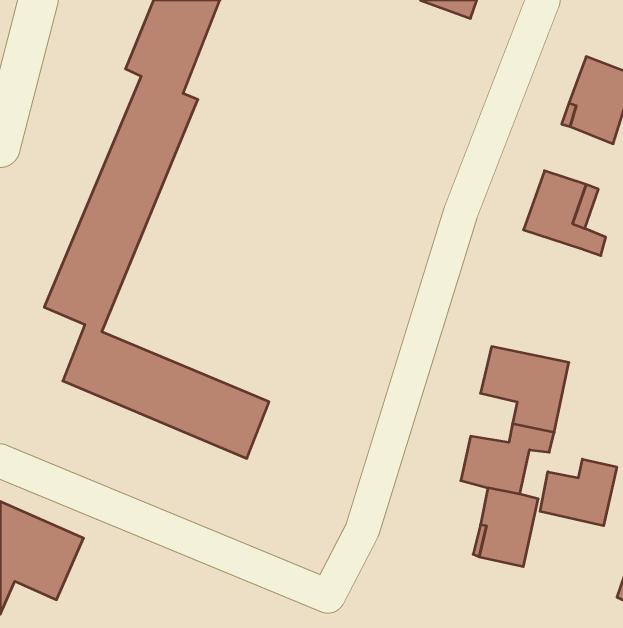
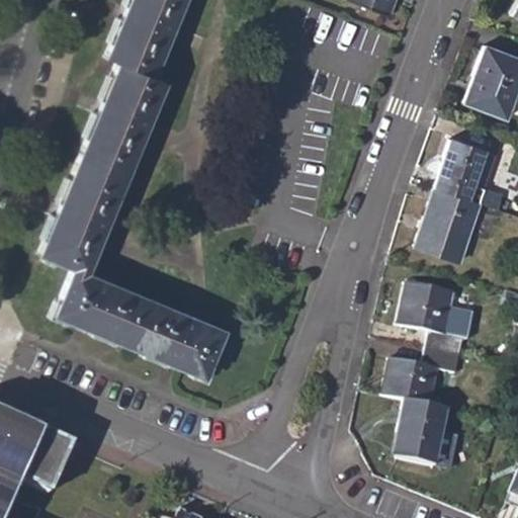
building: none -> [416,189,482,263]
building: [540,459,617,526] -> none

